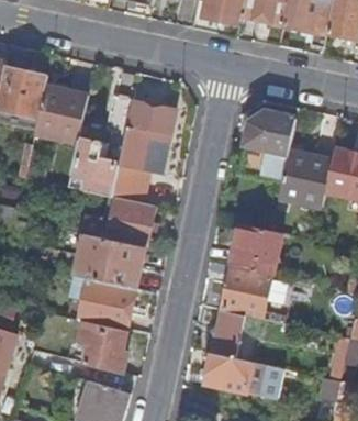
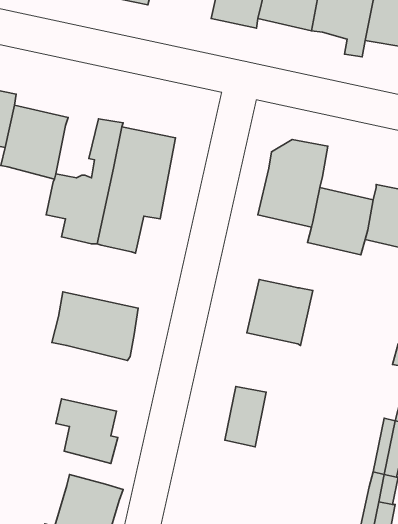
building: [80,197,153,247] -> none
building: [222,267,281,322] -> none
building: [79,277,135,330] -> none
building: [205,353,284,399] -> none

